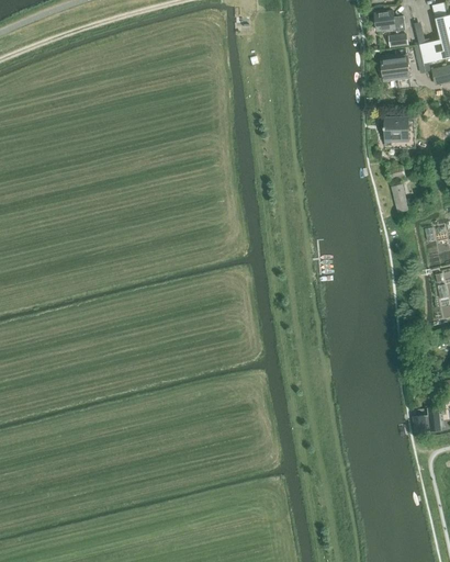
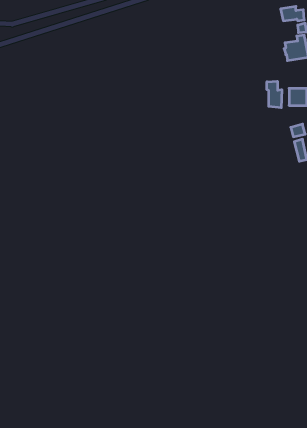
building: none -> [267,81,282,108]

